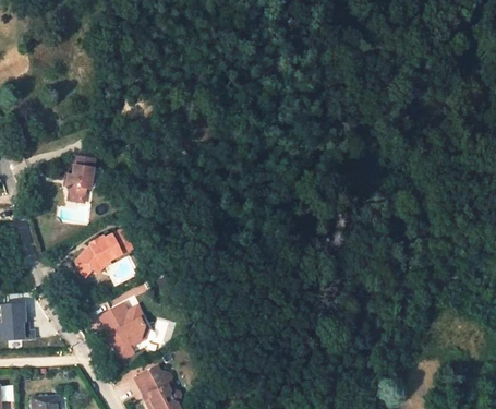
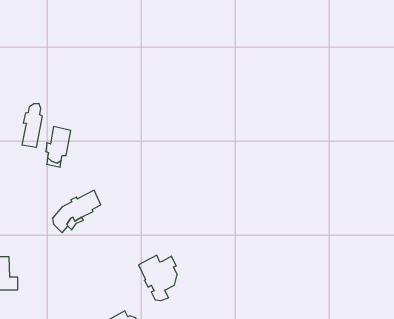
building: none -> [22,103,42,147]
building: [99,304,143,356] -> [139,255,177,301]

